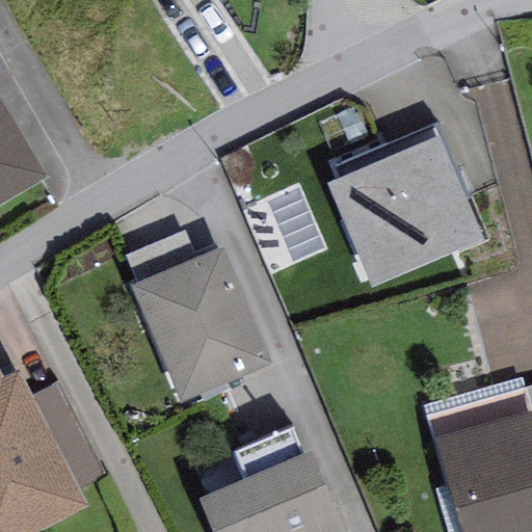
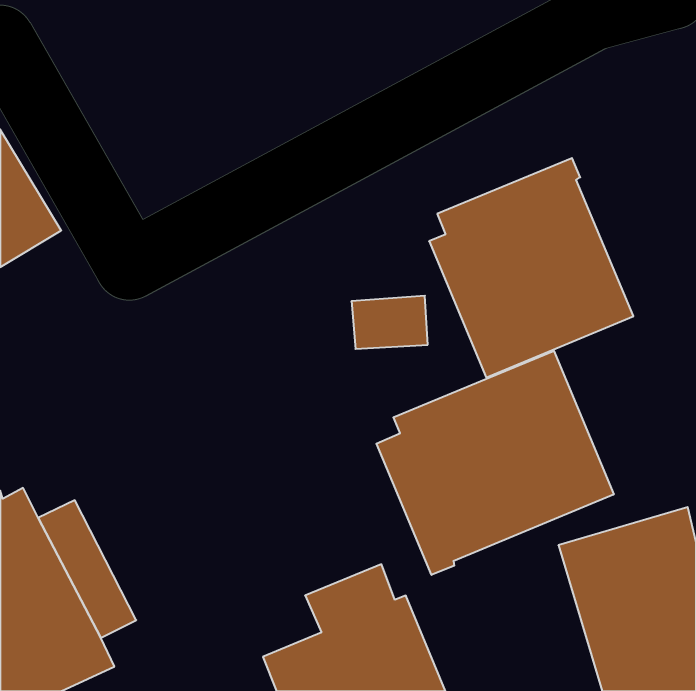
building: [130,247,272,405] -> none
building: none -> [376,351,614,575]

